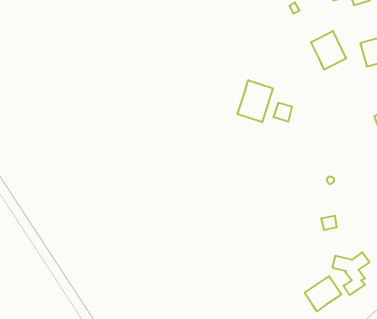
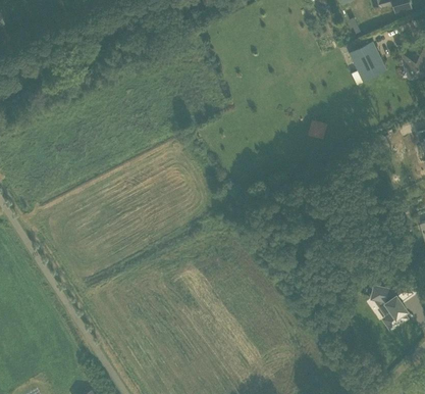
building: [238,80,273,122] -> none
building: [305,276,341,311] -> none

